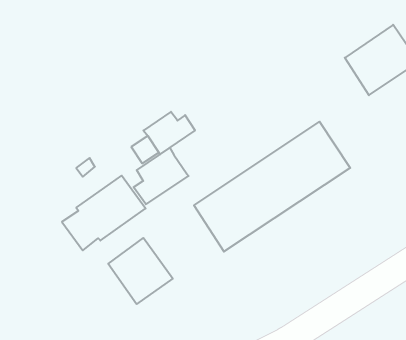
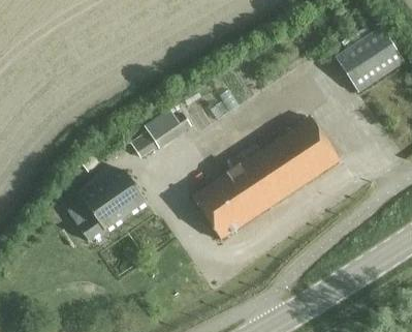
building: [134,148,189,204] -> none
building: [108,238,173,304] -> none

